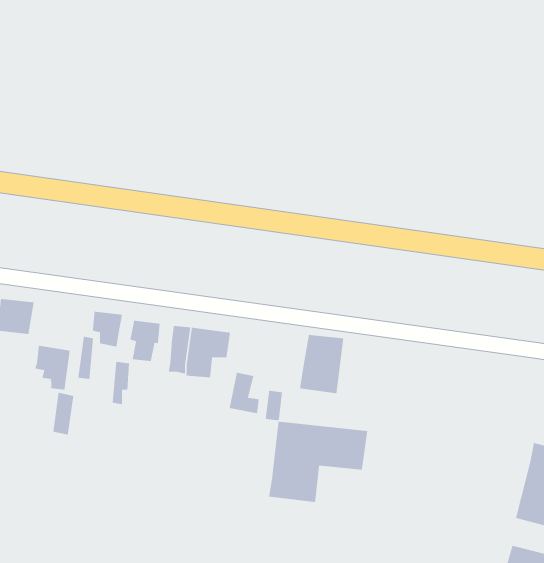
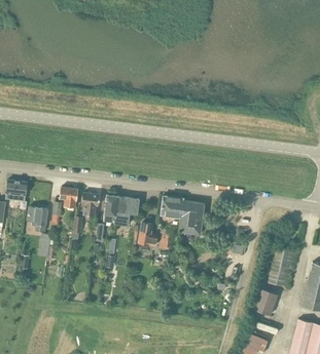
building: none -> [161,195,184,218]
building: none -> [264,245,295,287]
building: [268,421,368,503] -> none
building: none -> [252,288,277,315]

